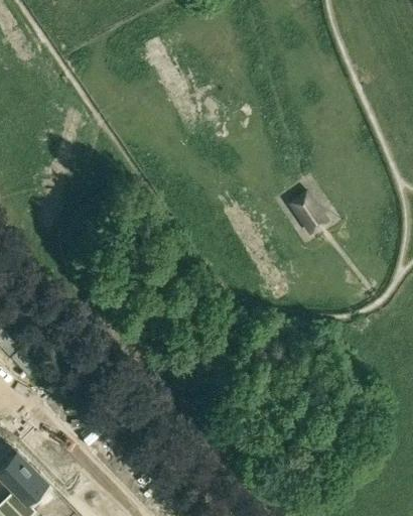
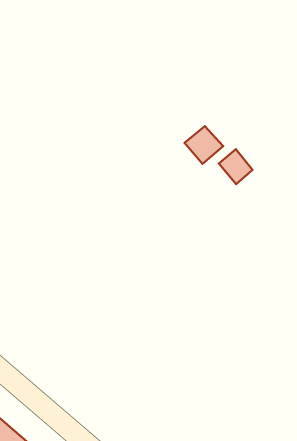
building: none -> [185,126,223,164]

